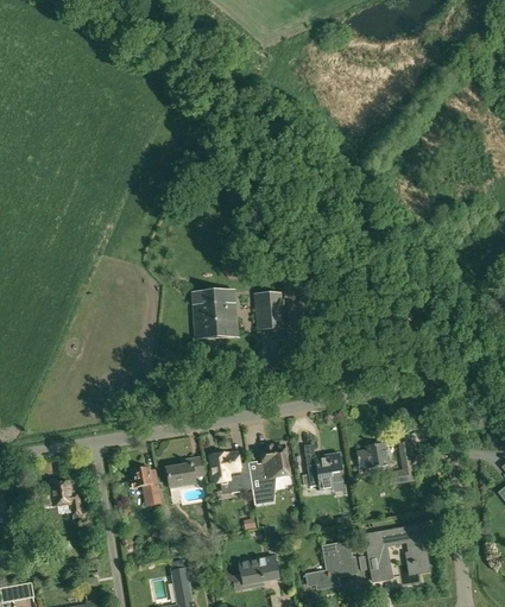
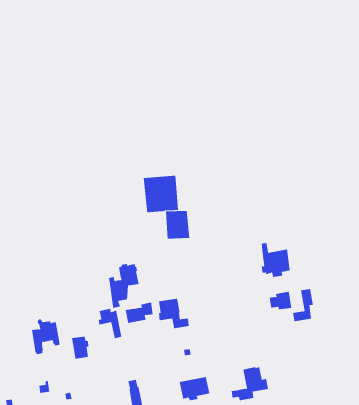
building: [253,292,286,330] -> [165,210,190,239]
building: [304,444,343,491] -> [261,242,290,278]
building: [248,445,290,505] -> [108,263,140,308]
building: none -> [72,336,89,359]
building: [365,524,429,580] -> none

